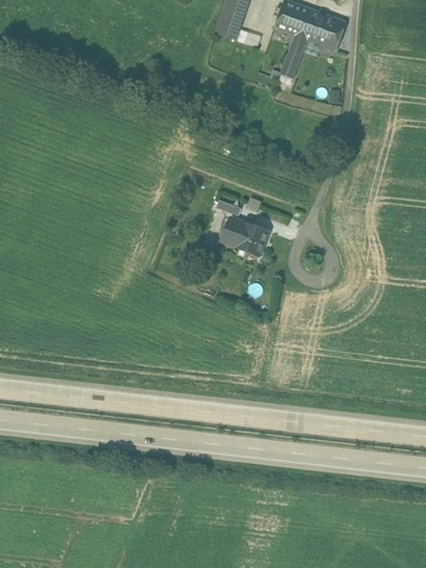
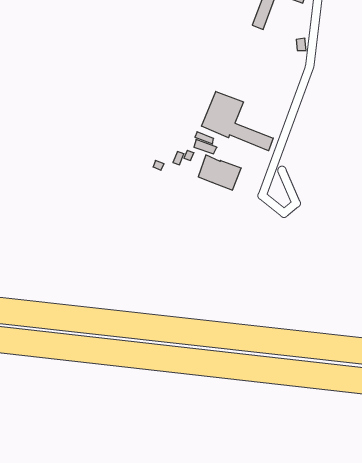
building: none -> [202,91,273,151]

